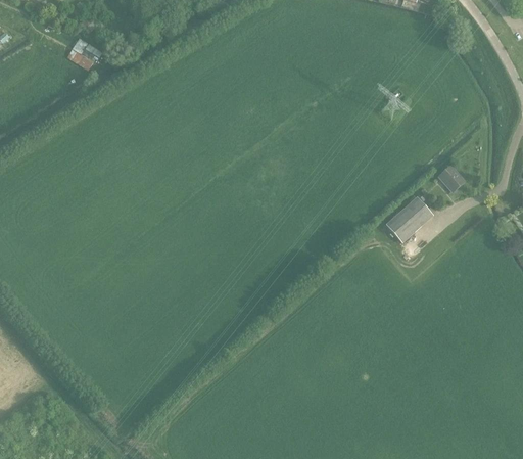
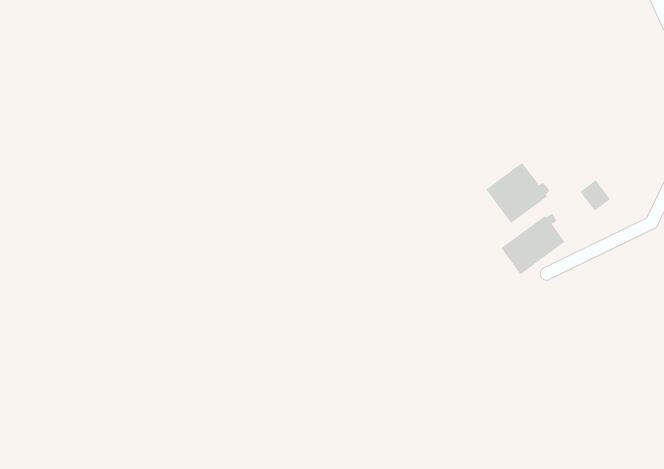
building: none -> [485,162,550,224]

